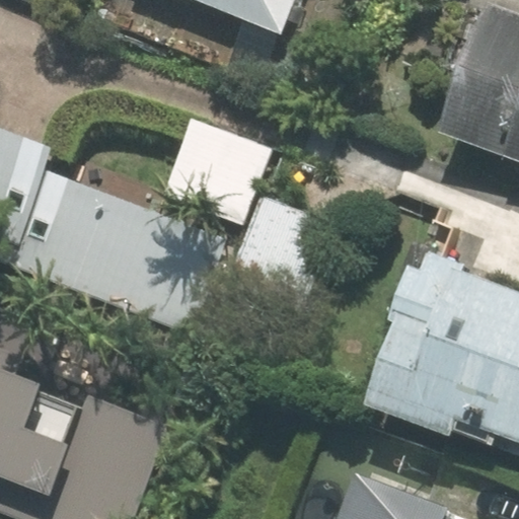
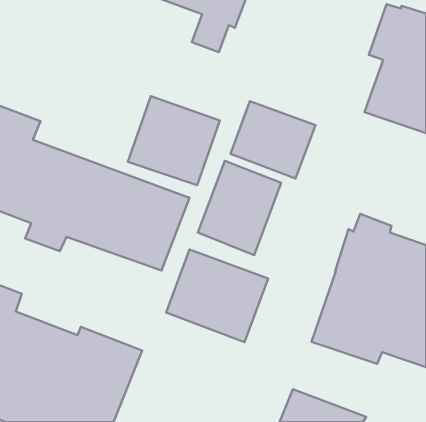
building: none -> [230,101,315,178]
building: none -> [166,249,268,342]

